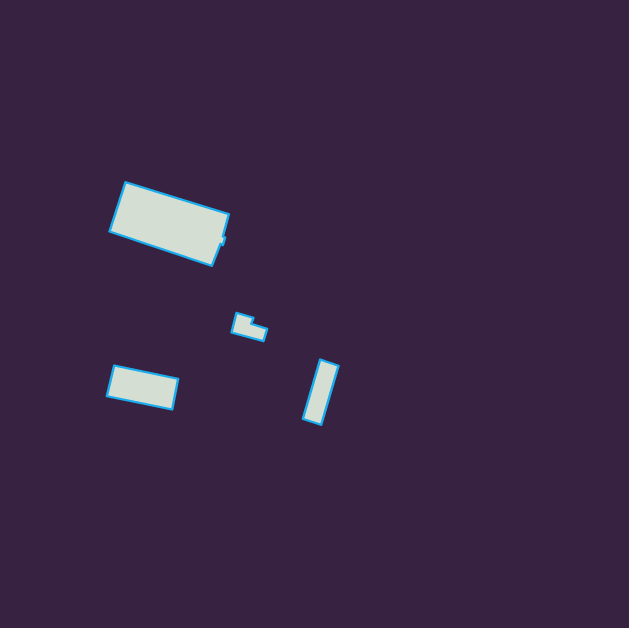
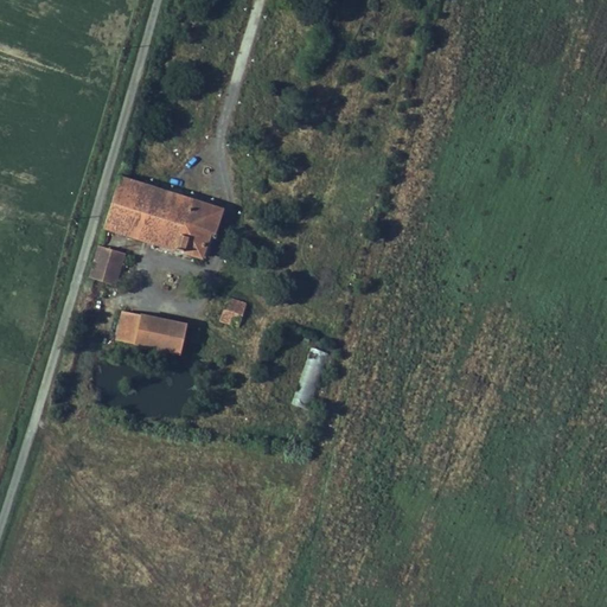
building: none -> [89,244,124,286]
building: [107,365,178,410] -> [117,312,186,354]

